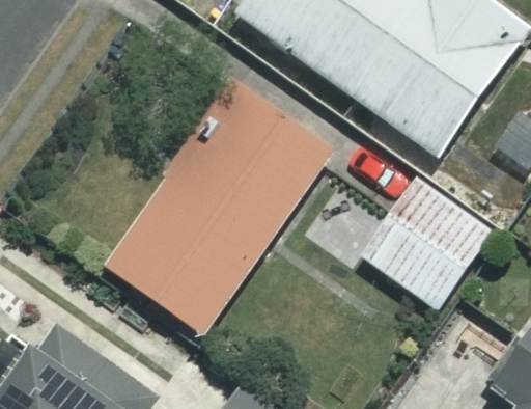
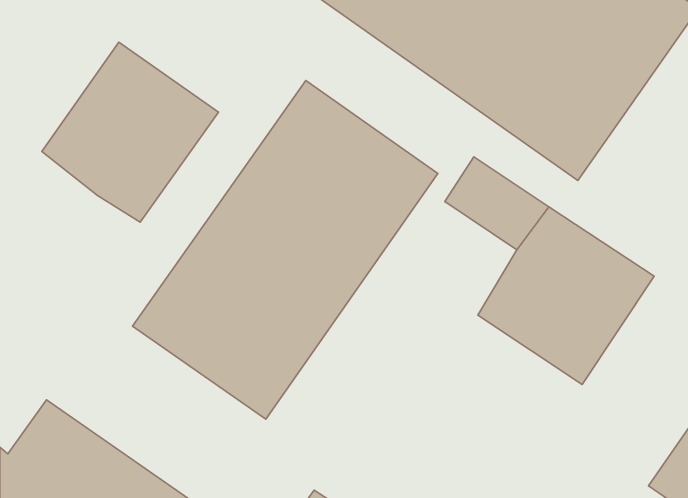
building: none -> [42,42,218,222]

